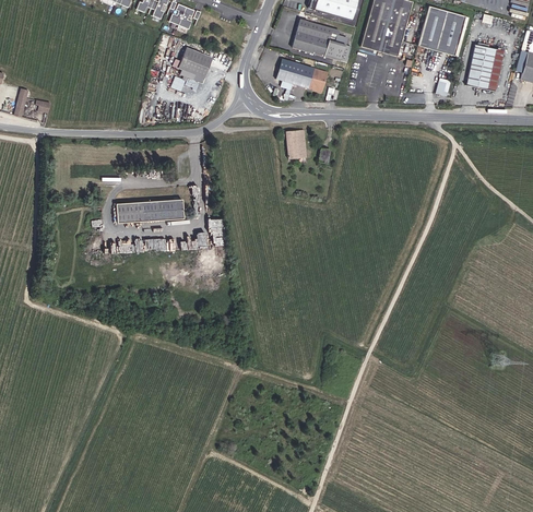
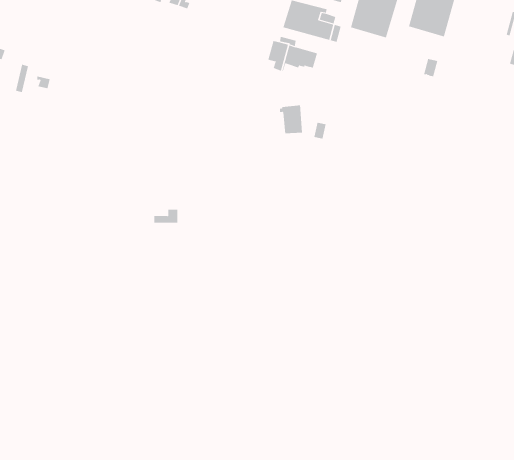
building: [467,47,502,92] -> none
building: [171,49,211,83] -> none
building: [120,194,187,219] -> none

